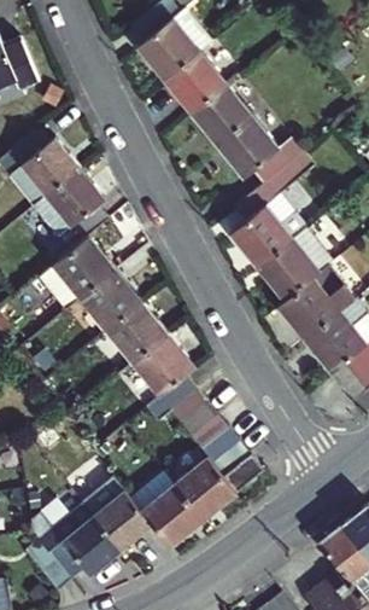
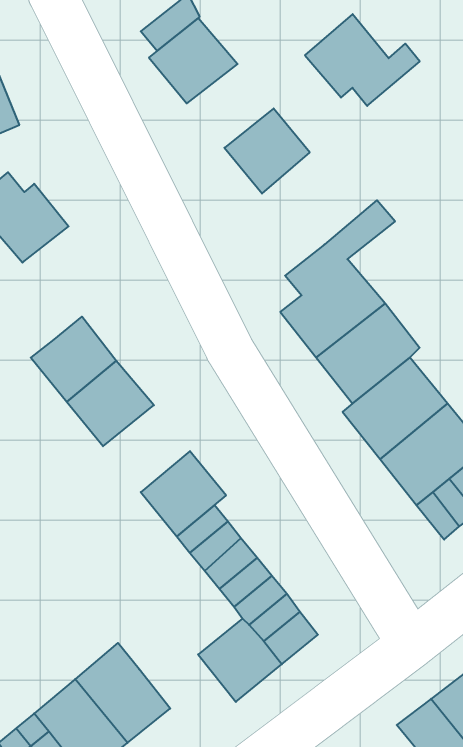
building: [163,50,227,111] -> none
building: [218,115,303,182] -> [305,14,420,106]
building: [42,169,105,252] -> none
building: [101,301,165,365] -> none
building: [128,470,199,545] -> none

